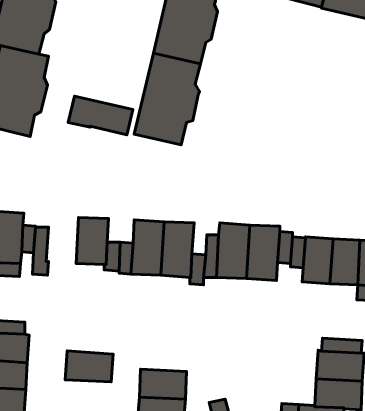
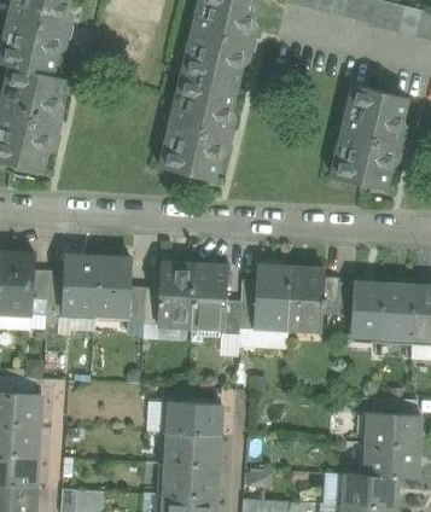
building: none -> [333,85,408,188]
building: [68,96,133,135] -> none
building: none -> [62,260,98,314]
building: [65,351,113,382] -> [168,401,222,436]

